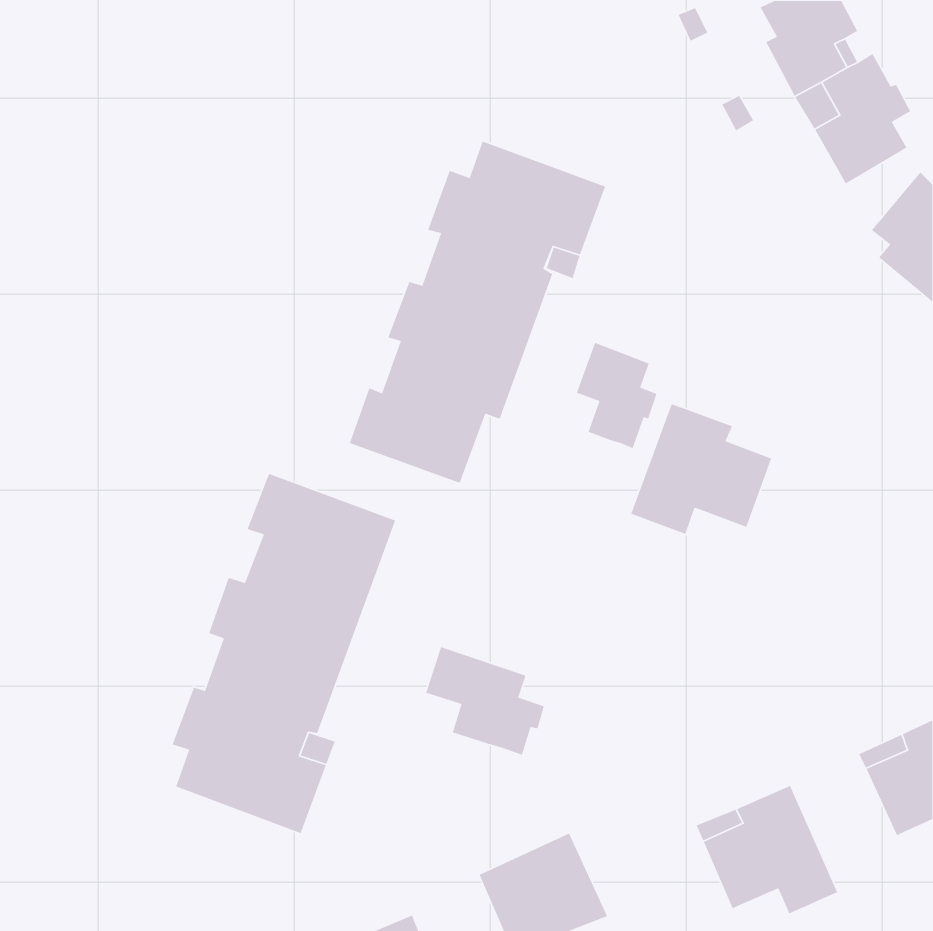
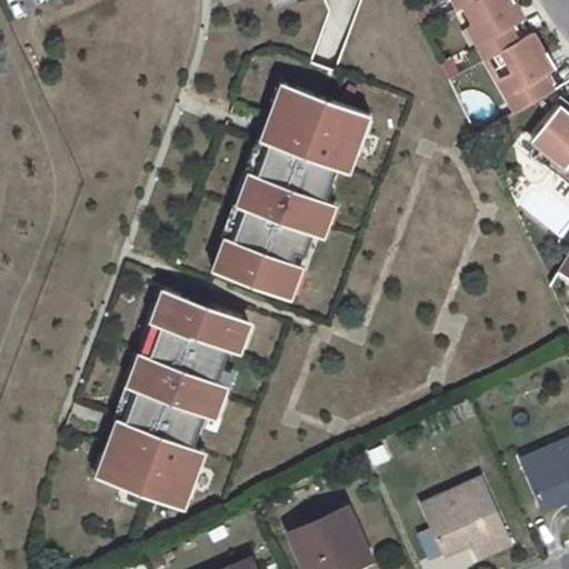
building: [576,342,657,449] -> none
building: [630,403,772,535] -> none
building: [425,646,545,756] -> none

